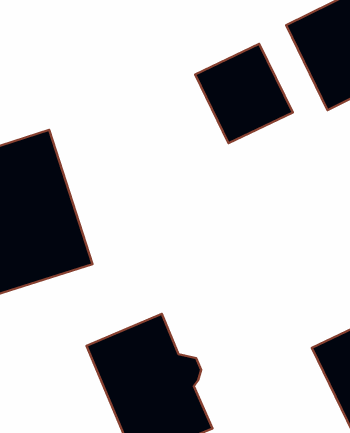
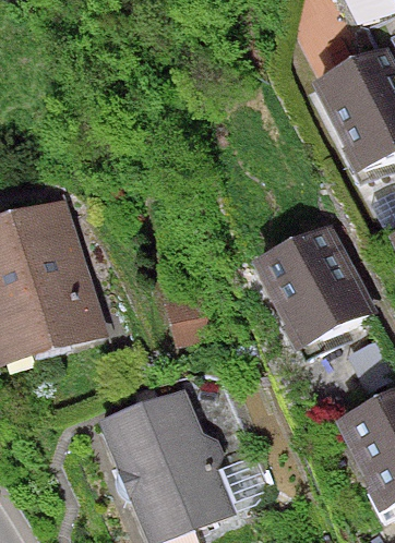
building: [195,44,293,143] -> none
building: none -> [254,224,371,348]

